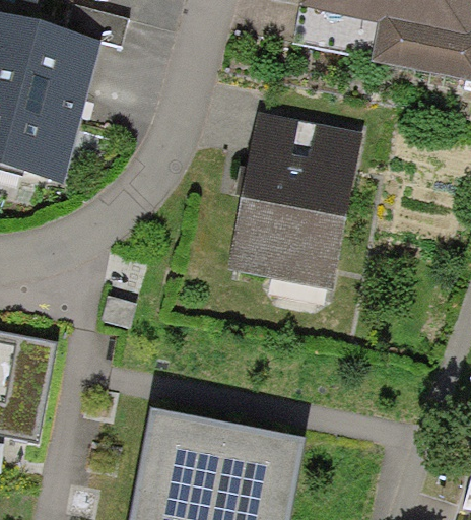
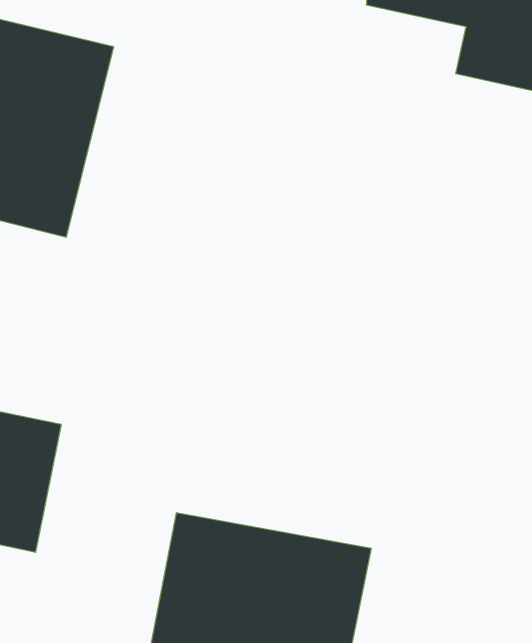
building: [229,120,356,284] -> none

